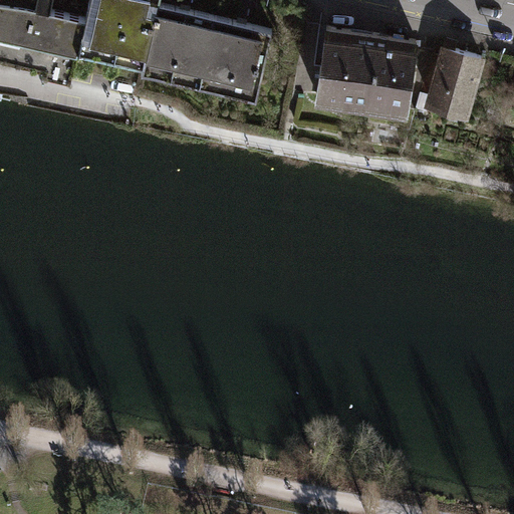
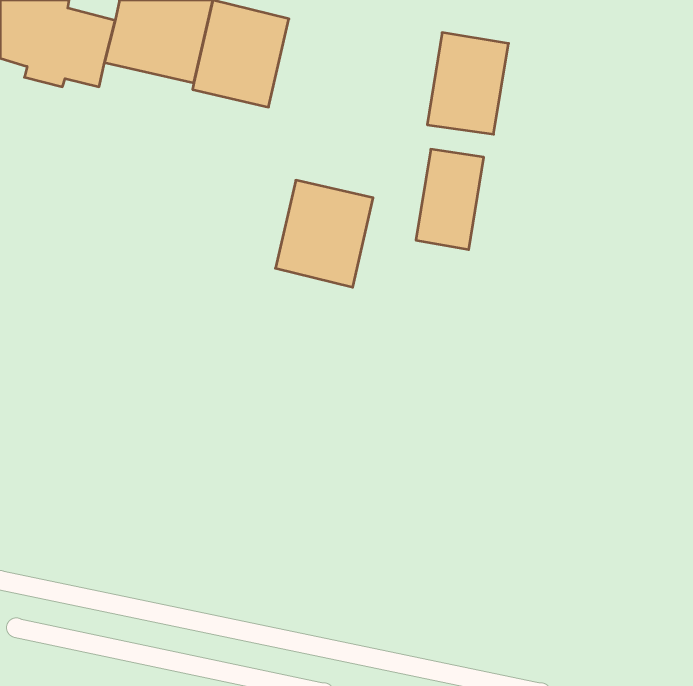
building: [199,19,271,98] -> [275,180,373,287]
building: [365,37,416,111] -> [416,149,484,250]
building: [430,49,481,110] -> none

